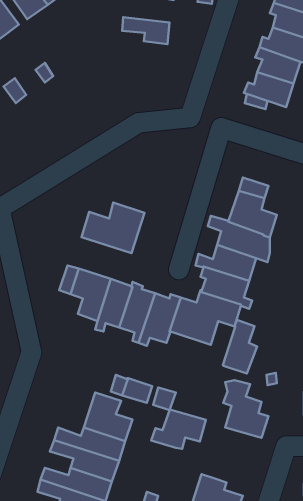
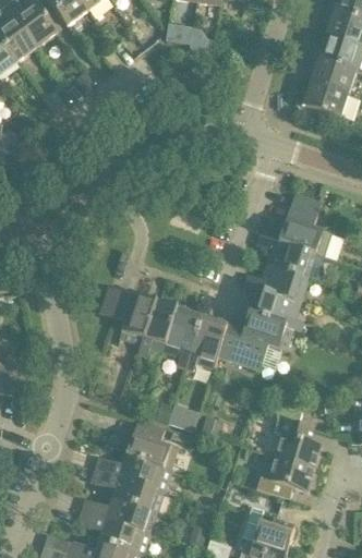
building: [81,203,144,253] -> none
building: [223,320,257,374] -> none
building: [151,410,206,449] -> [257,457,315,498]

